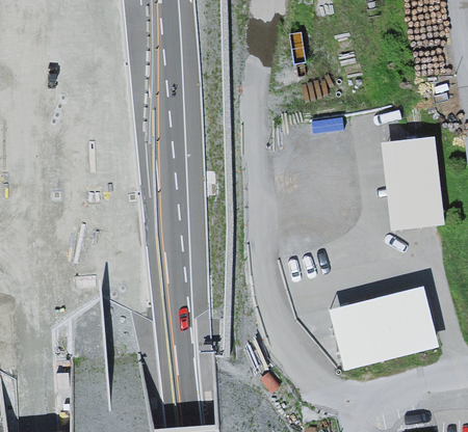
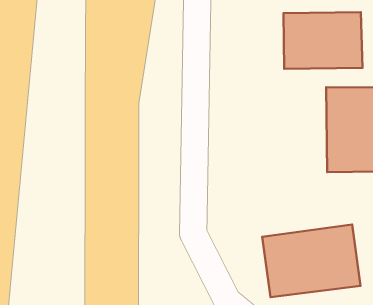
building: none -> [283,12,362,69]

